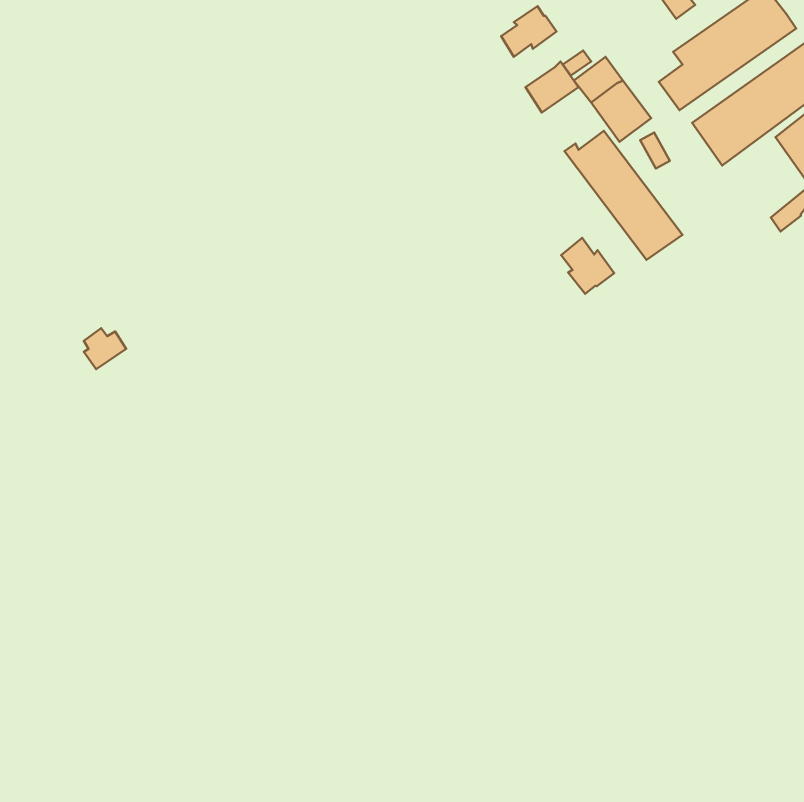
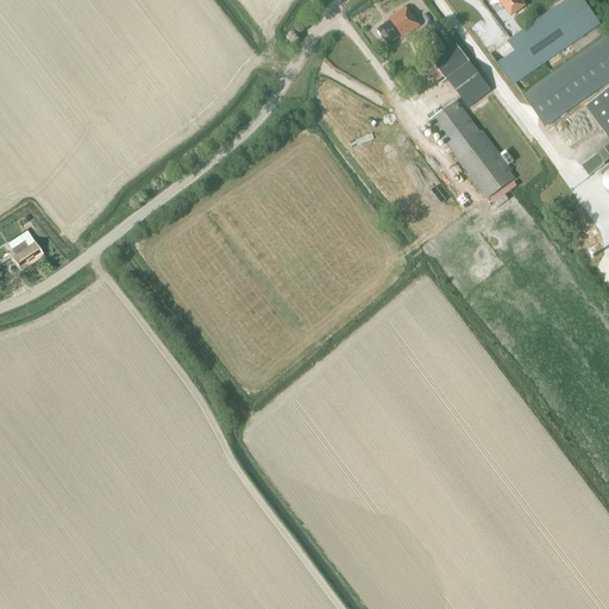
building: [525,62,579,112] -> none
building: [561,238,614,294] -> none
building: [84,328,126,369] -> [12,239,44,270]

